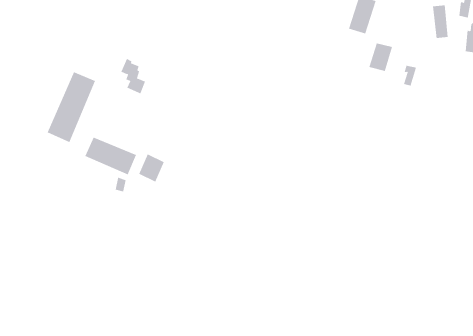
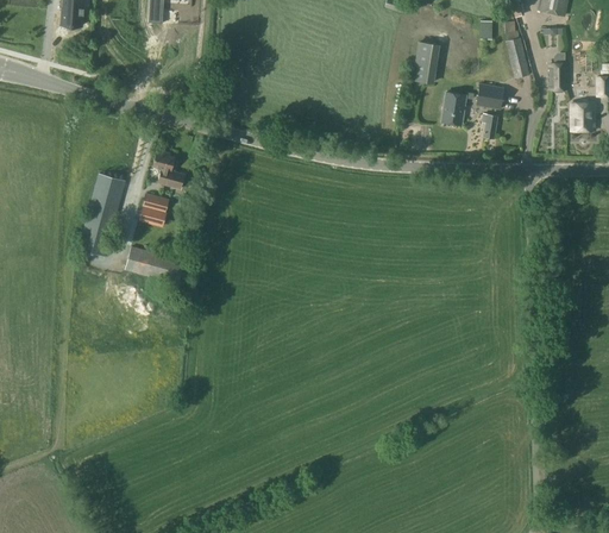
building: none -> [476,82,504,108]
building: none -> [138,192,169,228]
building: [138,153,165,182] -> none

